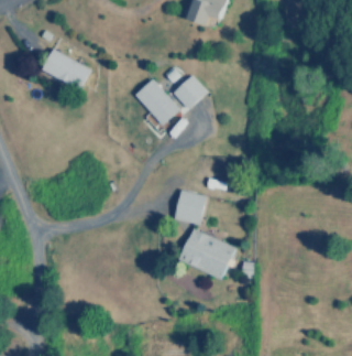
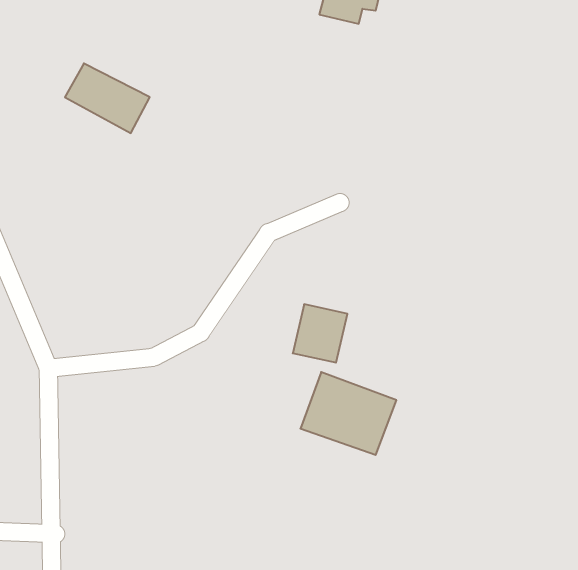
building: [172,74,206,108] -> none
building: [134,78,178,125] -> none

